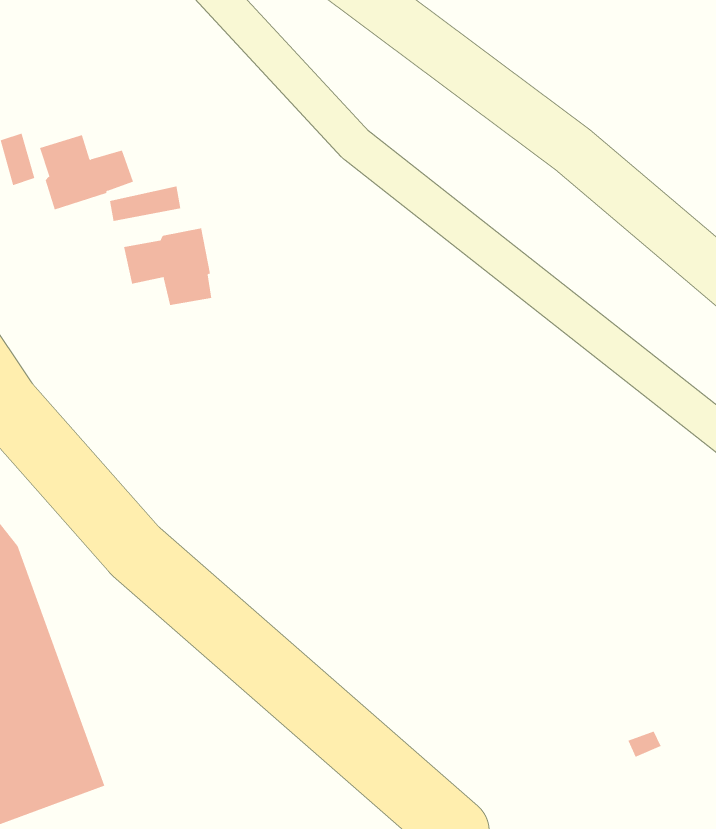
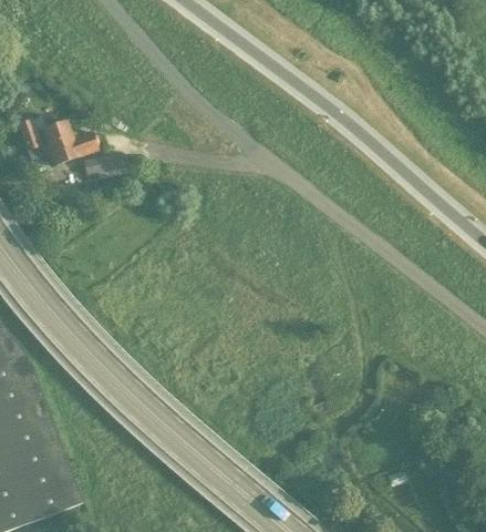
building: [124,227,212,306] -> none

